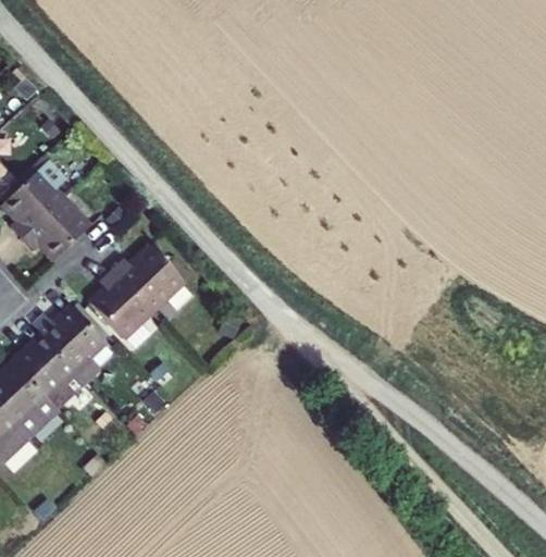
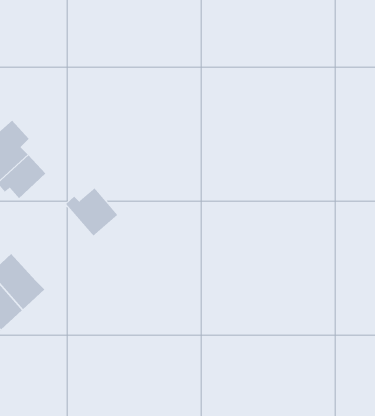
building: [90,269,151,337] -> none
building: [34,305,107,381] -> none

